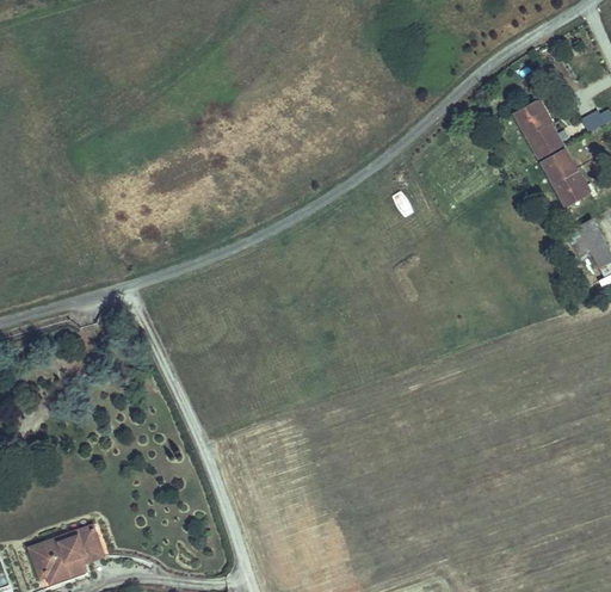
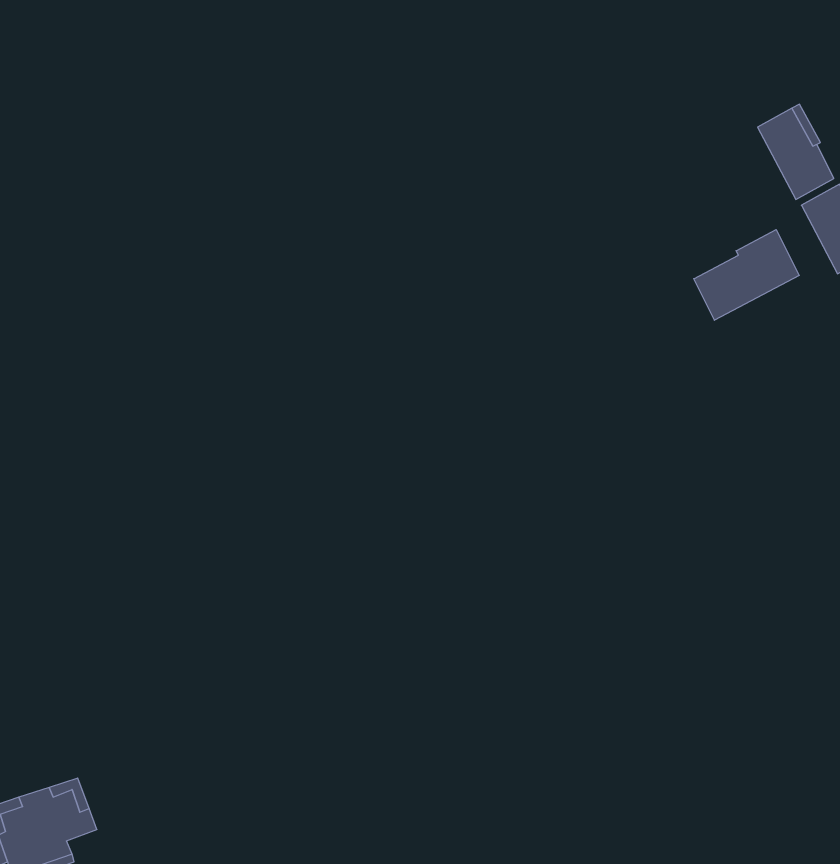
building: none -> [694,230,799,320]

